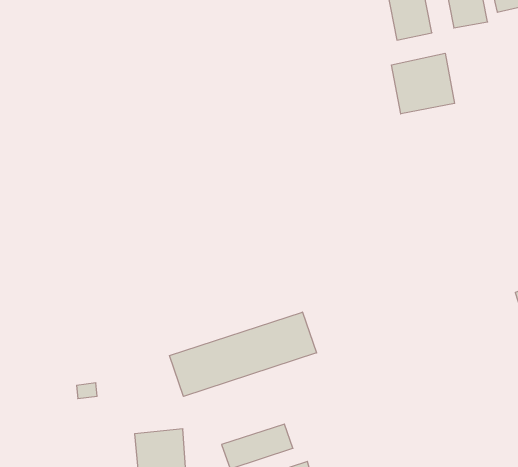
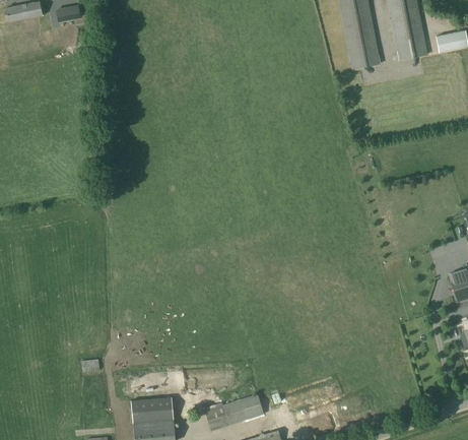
building: [392,53,455,114] -> none
building: [170,312,317,396] -> none

